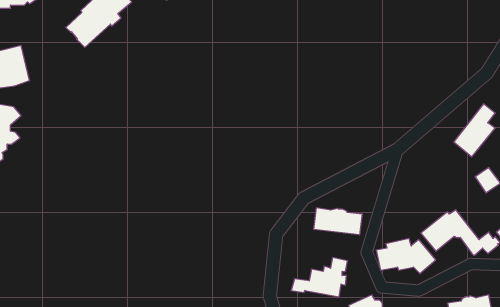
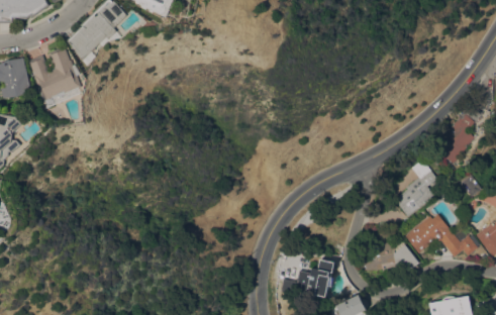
building: none -> [29,46,84,101]
building: none -> [394,160,437,216]
building: [314,208,362,235] -> none

